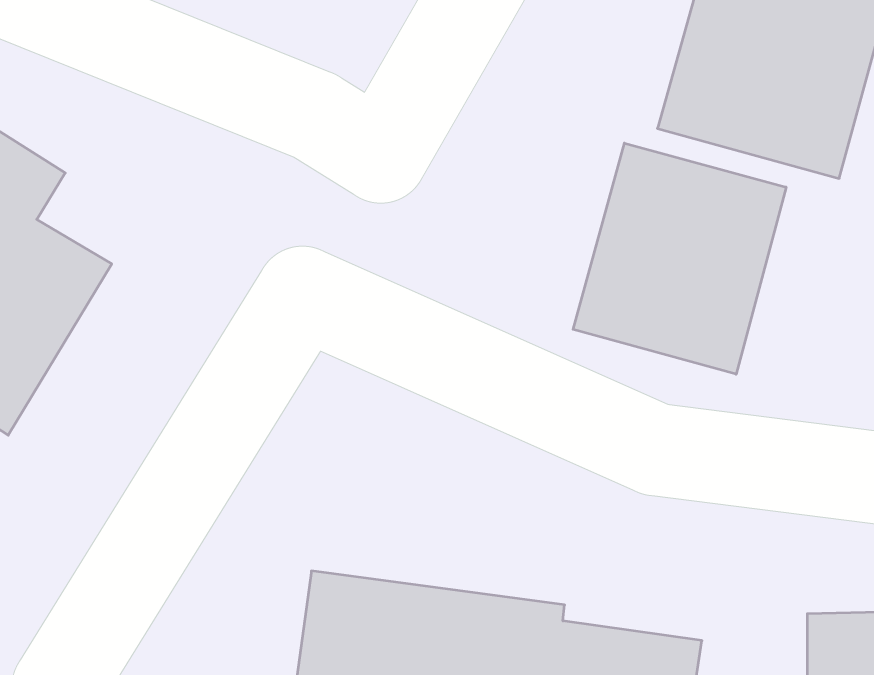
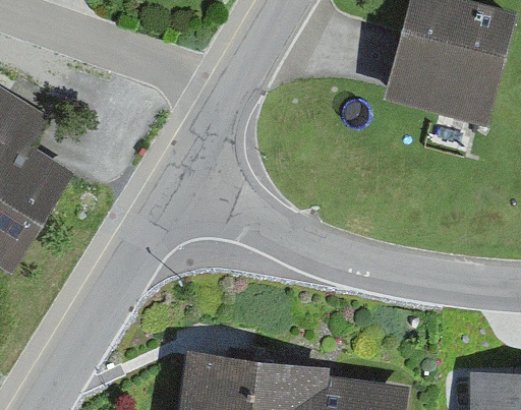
building: [573,143,786,374] -> none

